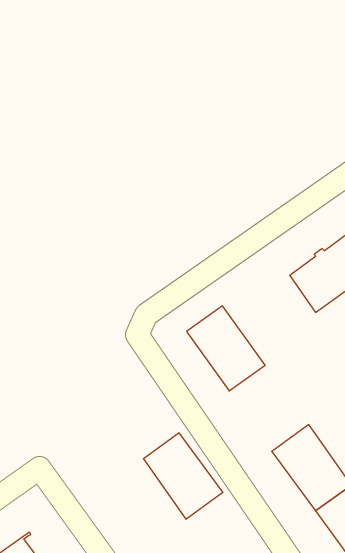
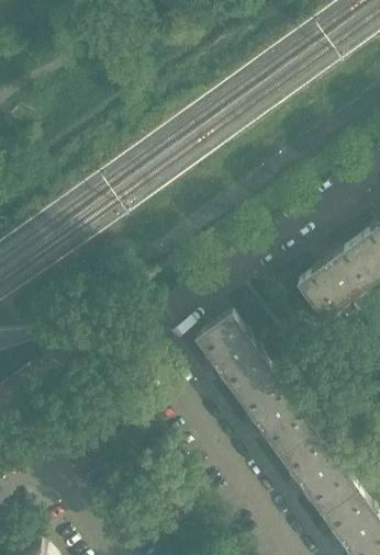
building: [143,433,223,519] -> [238,371,316,455]

